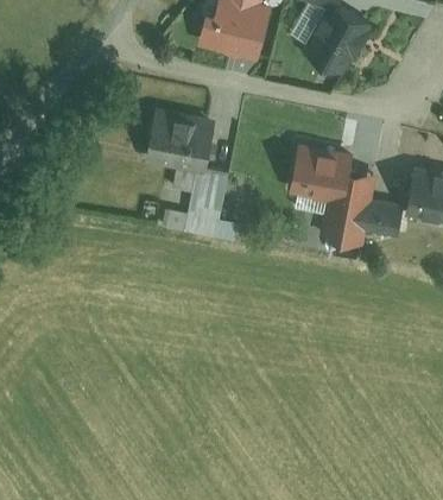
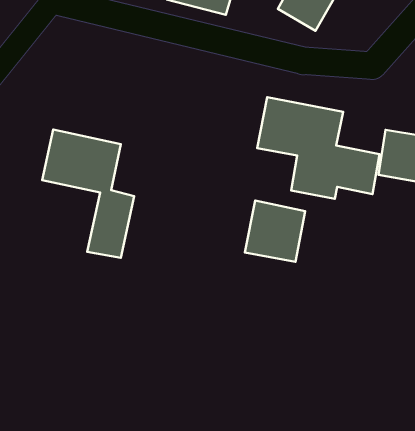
building: [140,108,230,234] -> [42,129,134,258]
building: none -> [245,200,305,262]

